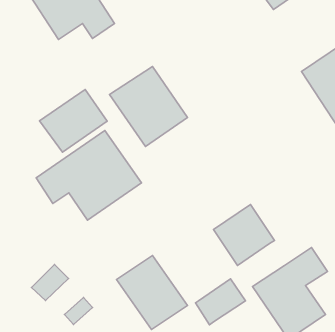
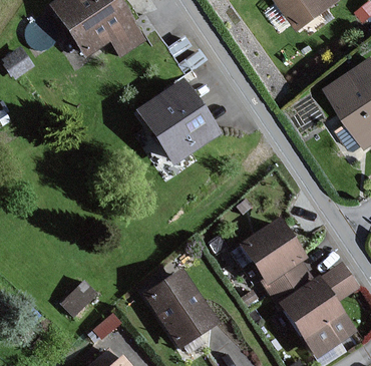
building: [39,89,107,152] -> none
building: [36,130,141,220] -> none
building: [195,279,245,325] -> [262,260,312,306]

